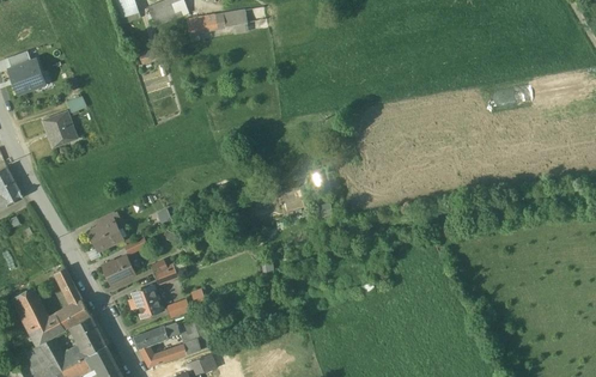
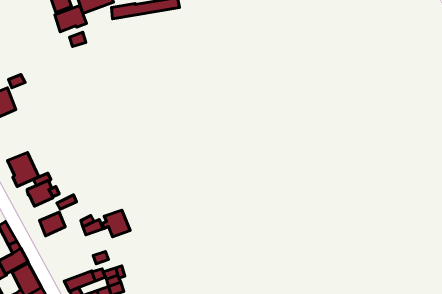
building: none -> [55,5,86,32]
building: none -> [7,153,39,186]
building: [129,286,162,317] -> [102,210,130,237]

